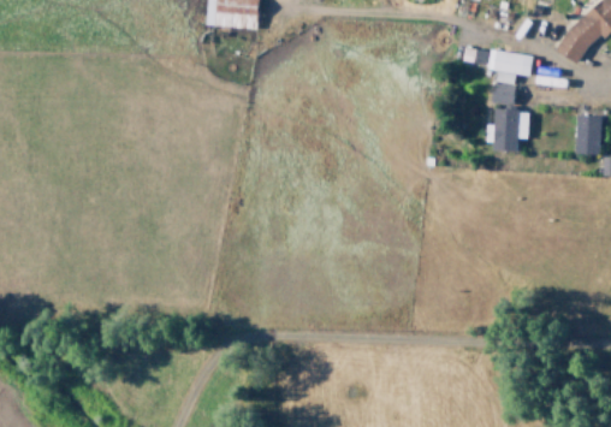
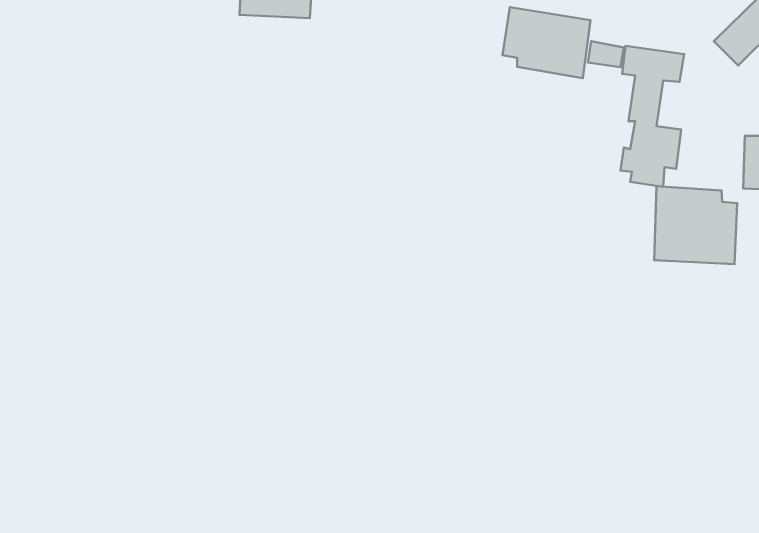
building: none -> [502,7,591,78]
building: none -> [654,186,737,264]

